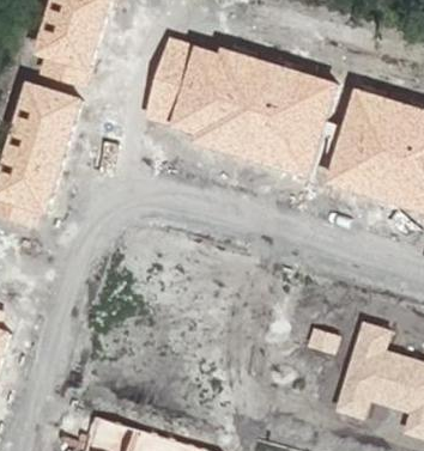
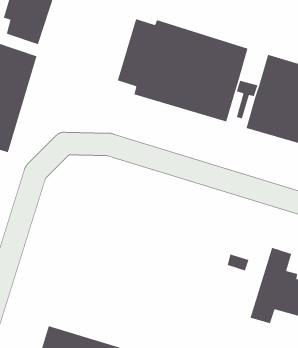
building: [147,39,199,123] -> none

